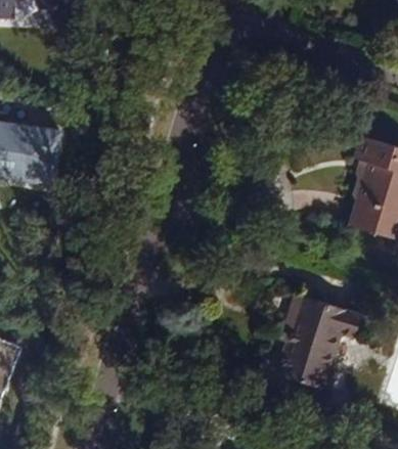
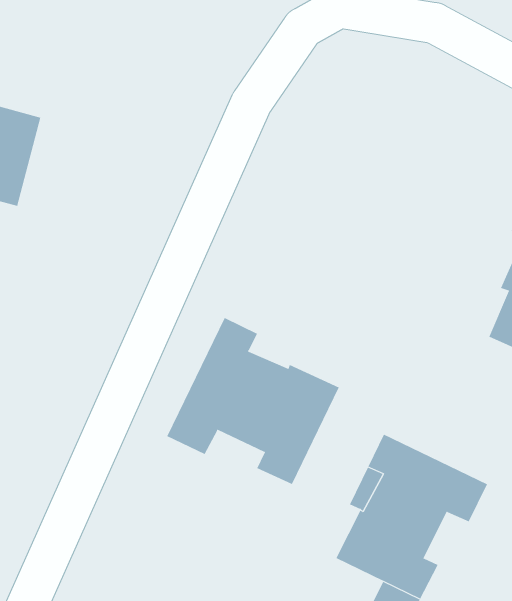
building: none -> [167,317,340,485]

